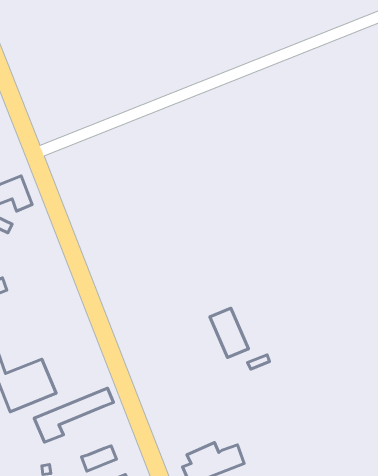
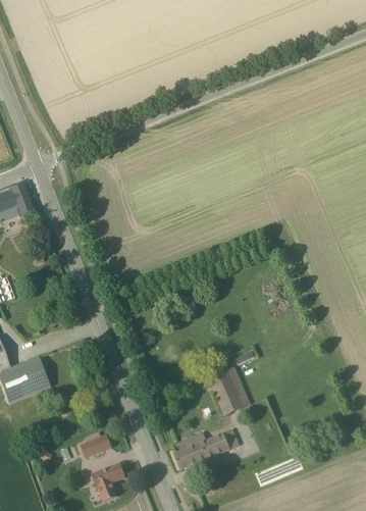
building: [210,308,248,358] -> [207,369,243,415]
building: [34,388,113,442] -> none

